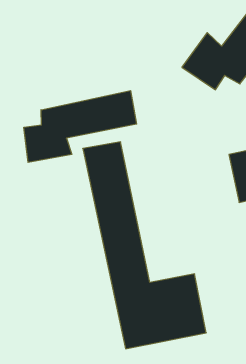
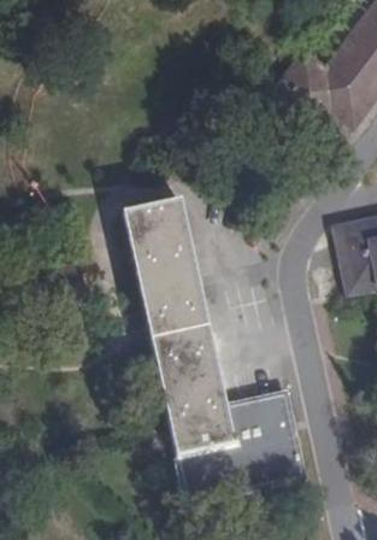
building: [24,91,137,162] -> none

